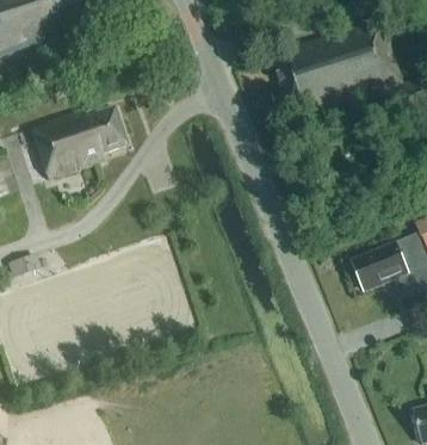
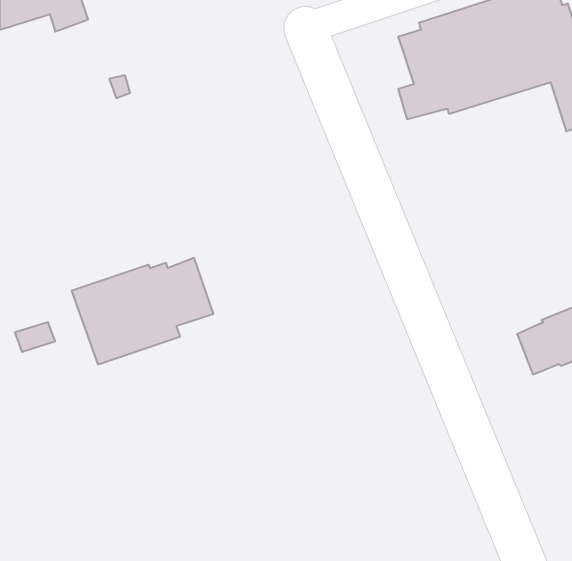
building: [30,105,126,178] -> [72,258,213,364]

